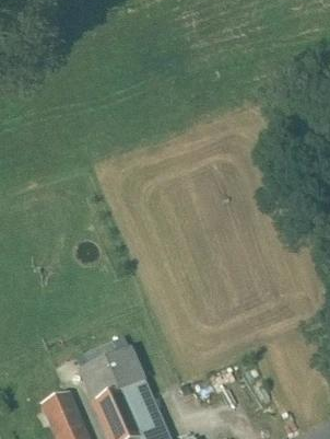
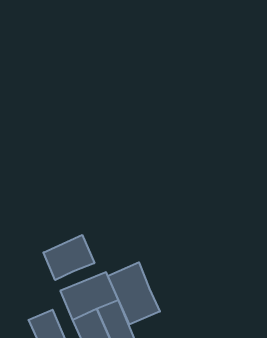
building: none -> [43,235,94,280]
building: none -> [108,262,160,324]

